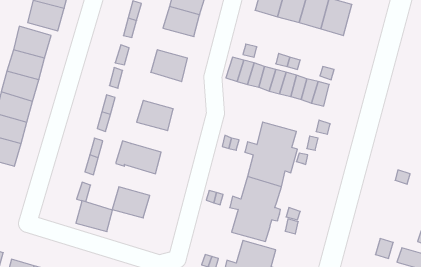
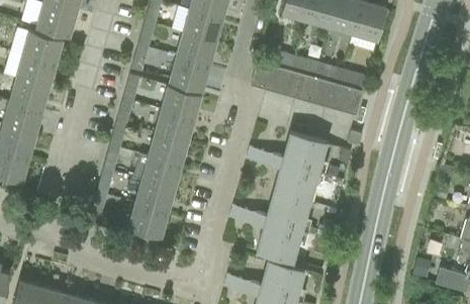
building: none -> [177,32,216,65]
building: none -> [162,86,201,119]
building: none -> [149,133,188,166]
building: [76,201,113,232] -> [135,179,175,212]

